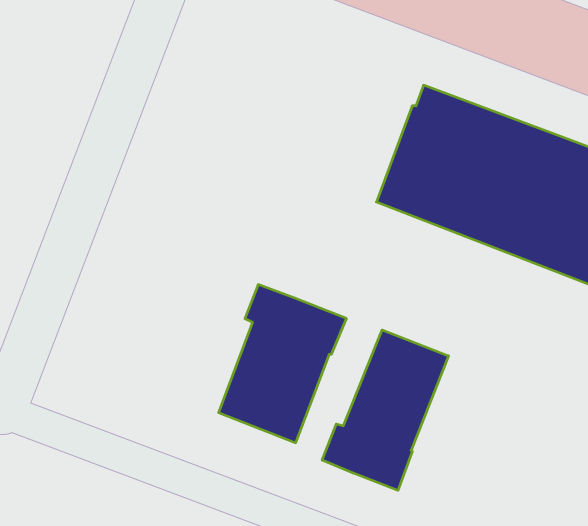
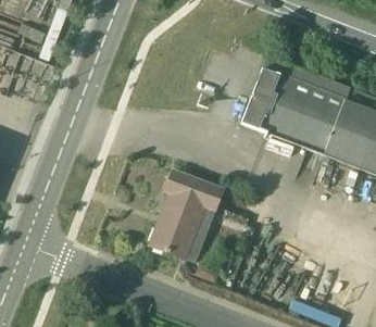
building: [322,330,448,490] -> none

